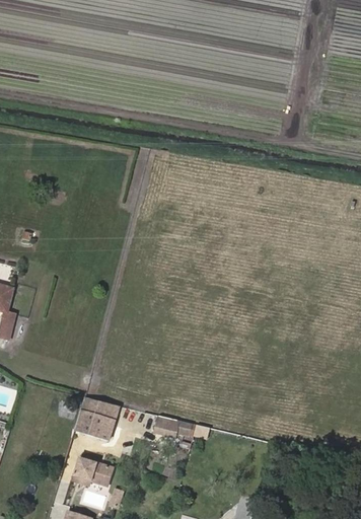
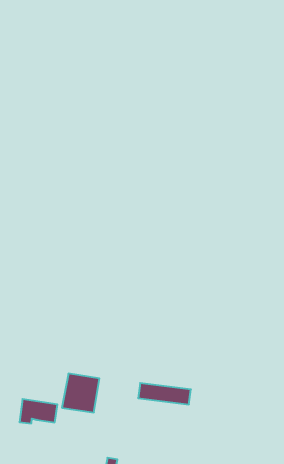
building: [71,456,113,485] -> [19,399,57,423]

